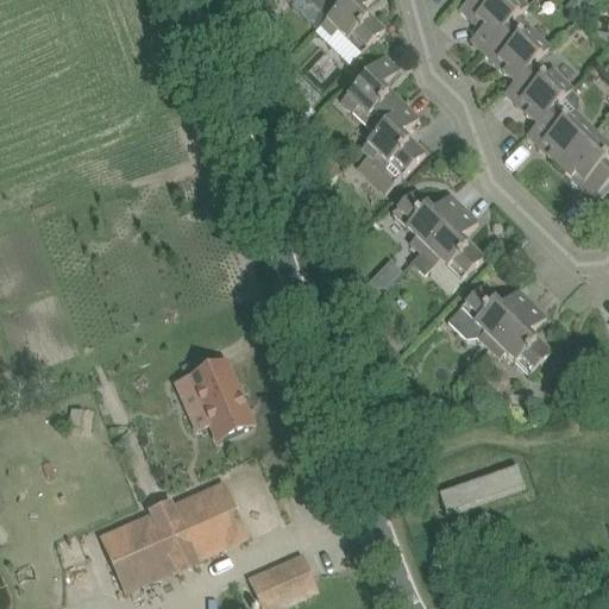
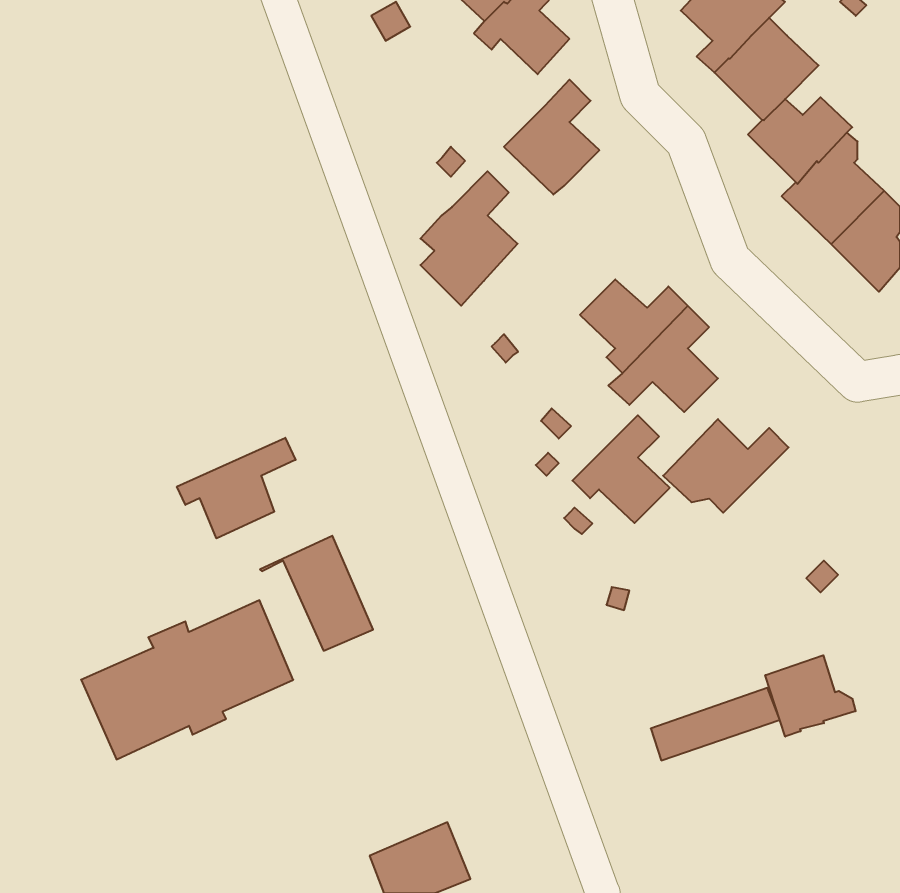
building: [358,101,423,192] -> [420,171,518,306]
building: none -> [177,438,296,538]
building: [486,301,552,373] -> [572,415,670,523]
building: none -> [765,655,856,737]
building: [101,483,244,590] -> [81,600,293,759]

